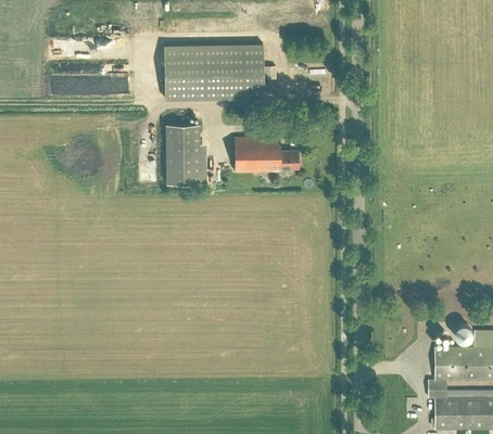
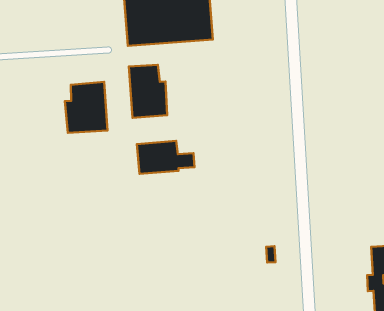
building: [233,137,299,173] -> [137,141,194,174]
building: none -> [65,82,108,133]

